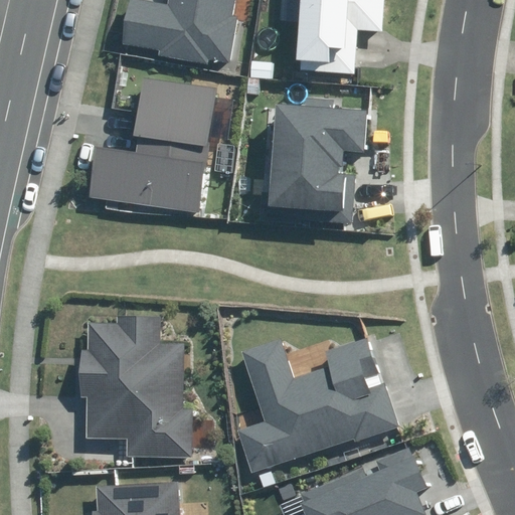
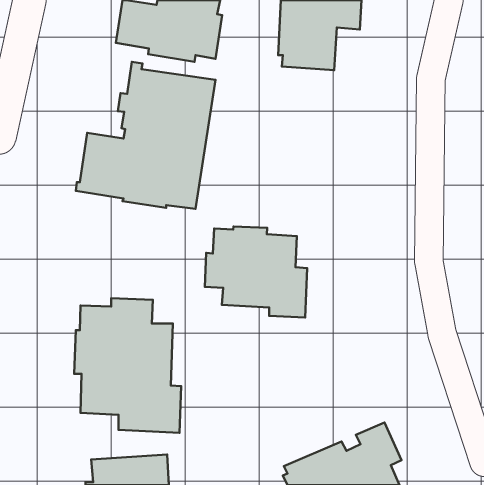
building: [254,90,375,229] -> none
building: none -> [205,226,307,318]
building: [236,338,397,472] -> none

